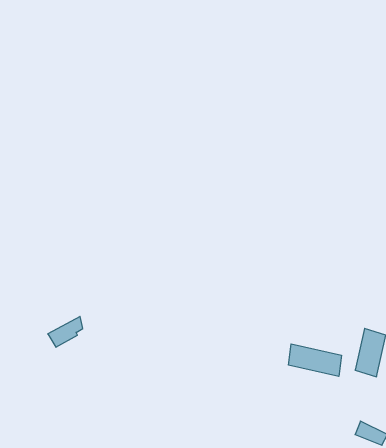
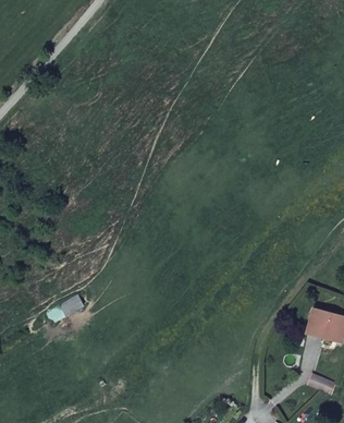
building: [289,344,341,376] -> none

